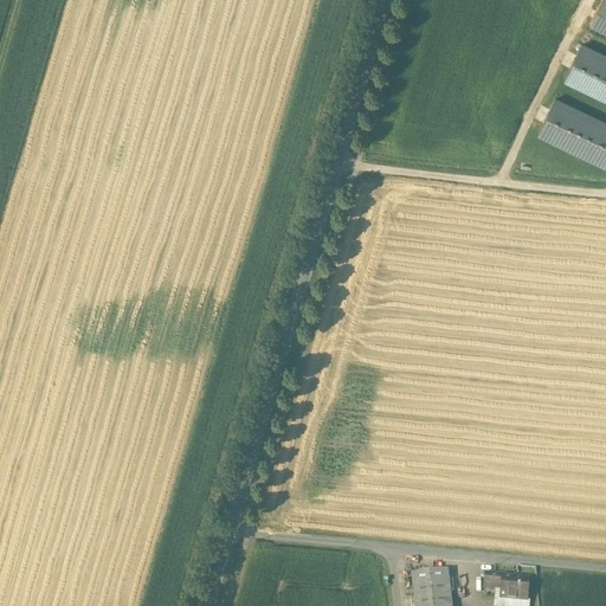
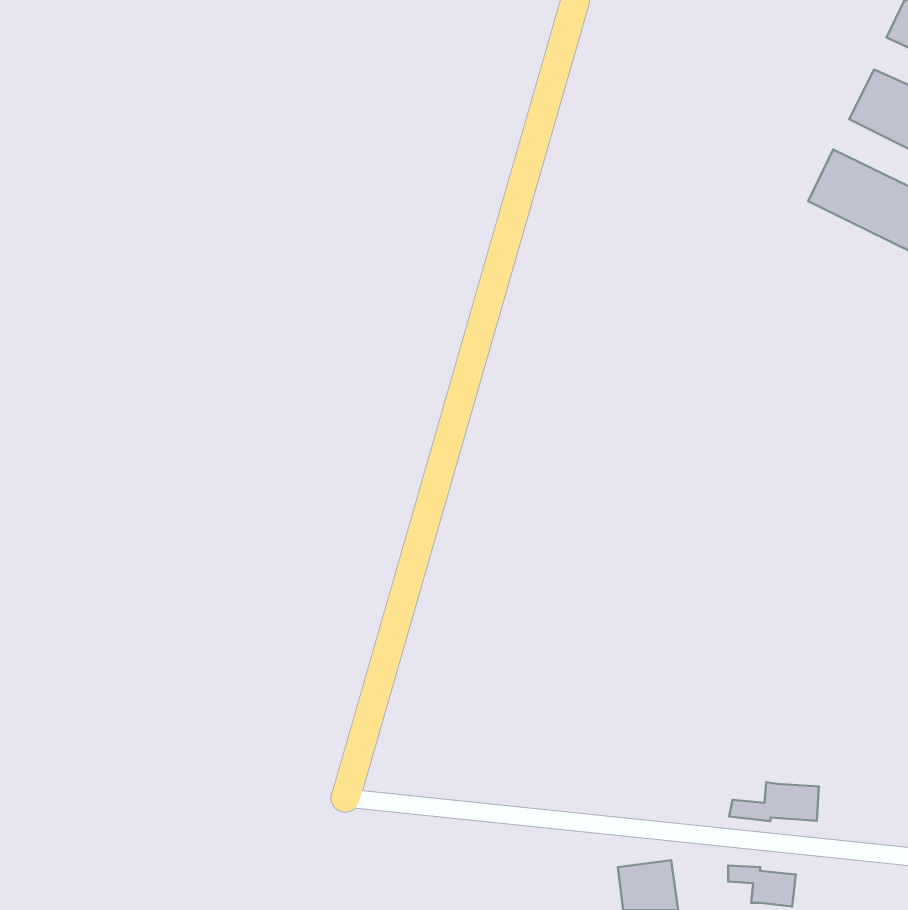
building: none -> [729,782,819,821]

